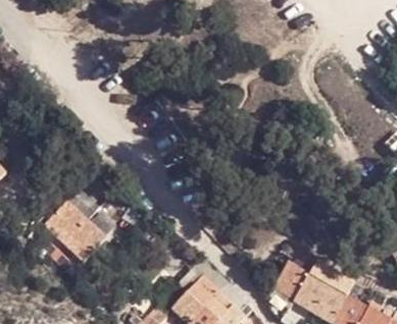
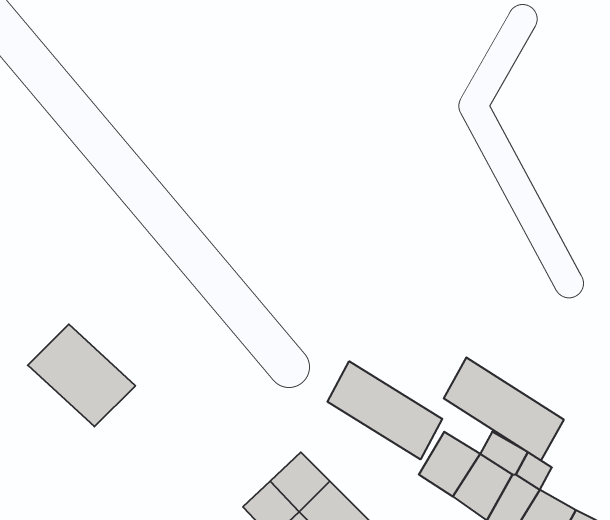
building: none -> [444,357,564,461]
building: none -> [327,361,442,459]

